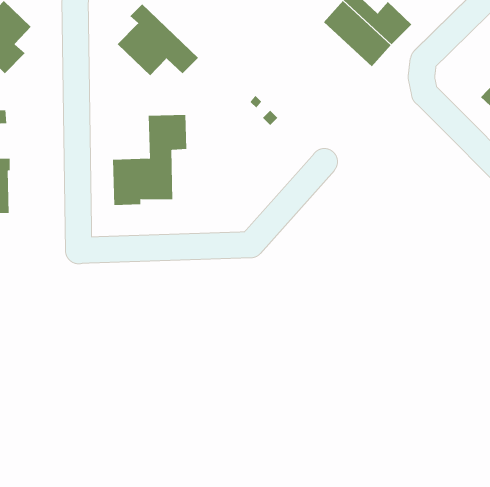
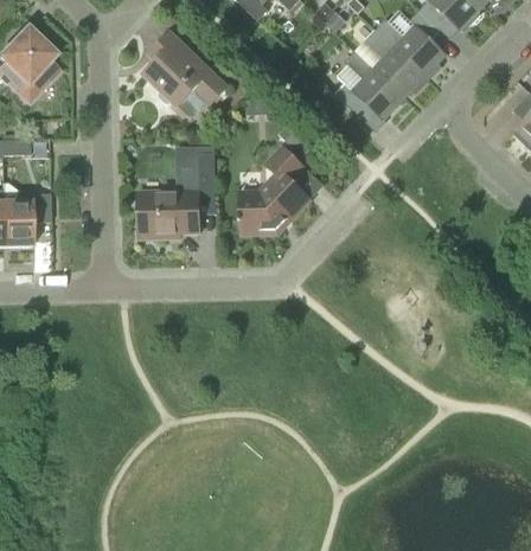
building: none -> [337,50,405,117]
building: none -> [241,146,311,233]

